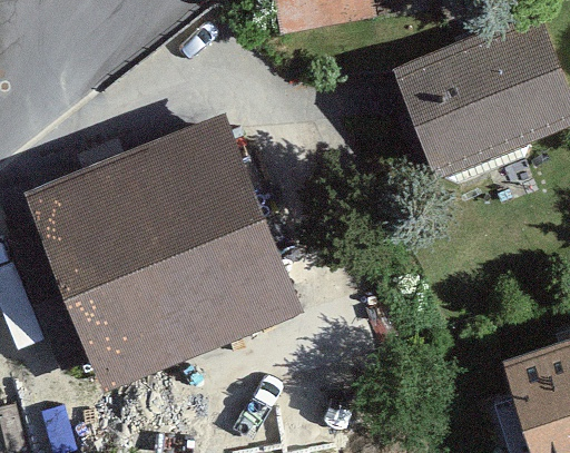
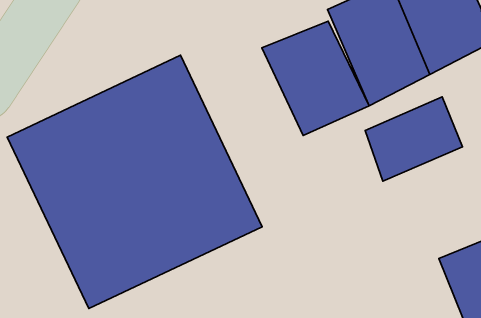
building: none -> [262,21,369,136]
building: none -> [365,97,462,181]

